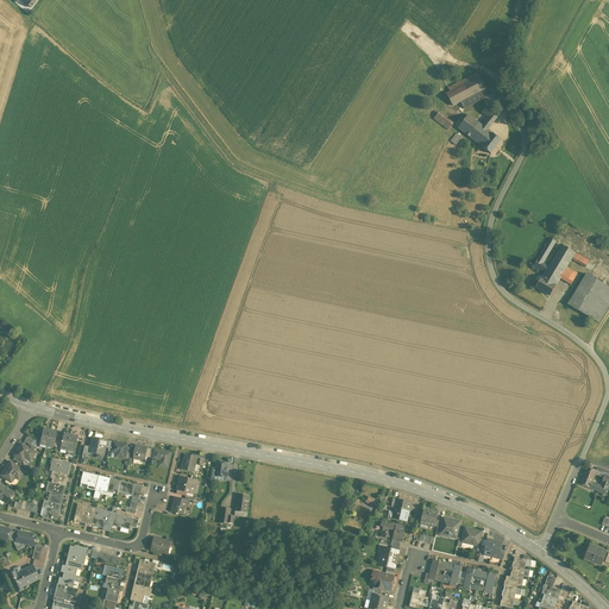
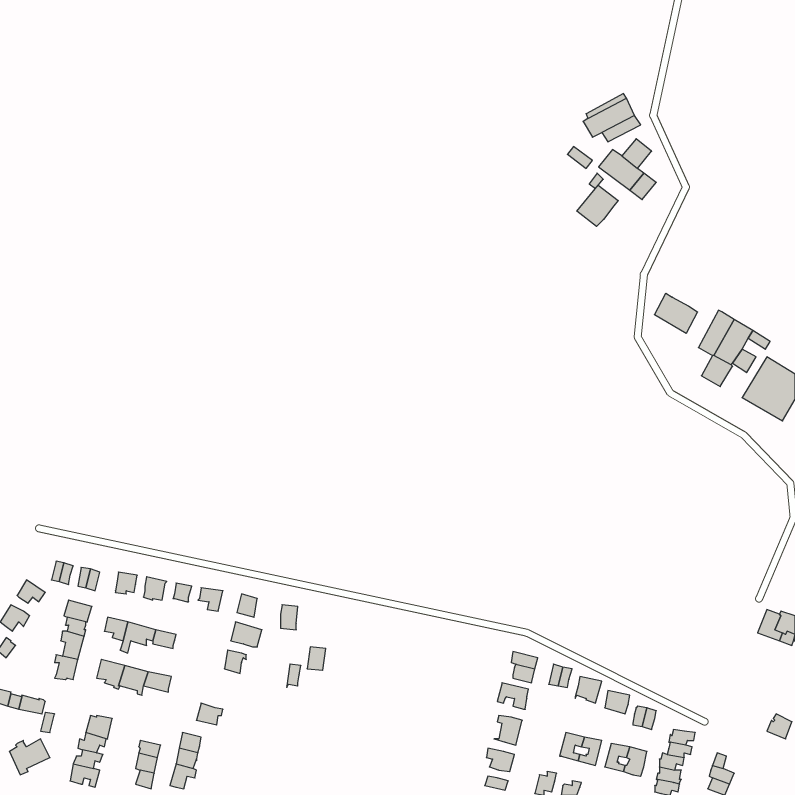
building: none -> [577,185,618,226]
building: none -> [654,293,698,333]

